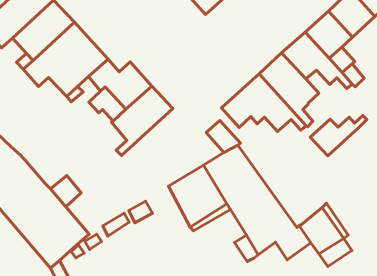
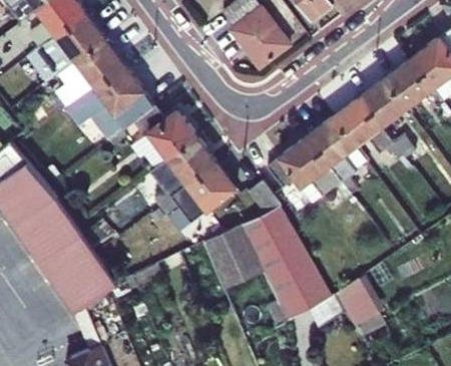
building: none -> [158,162,236,217]
building: [310,116,367,156] -> none

